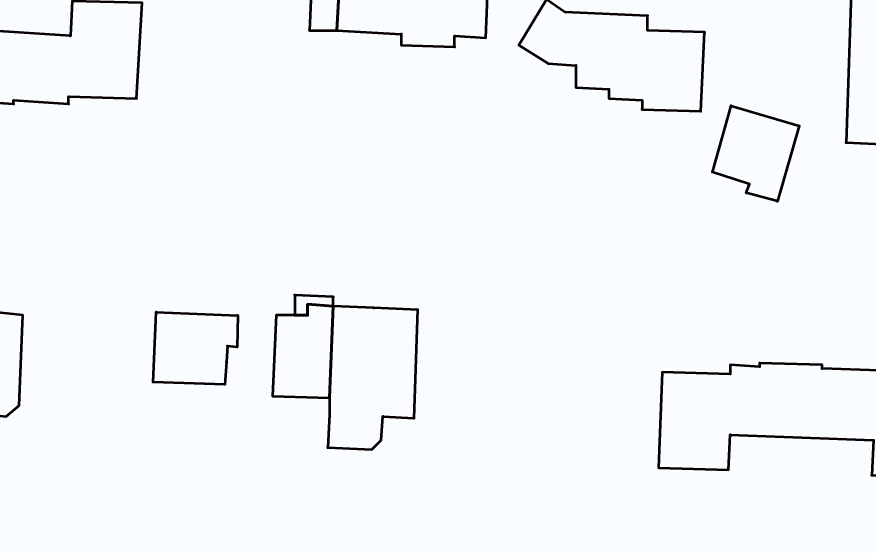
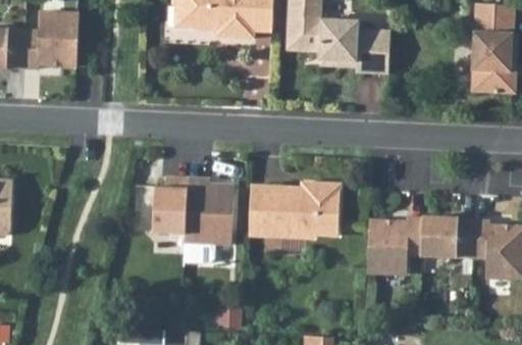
building: [712,106,799,201] -> none
building: none -> [248,184,340,239]
building: [153,312,238,384] -> none

